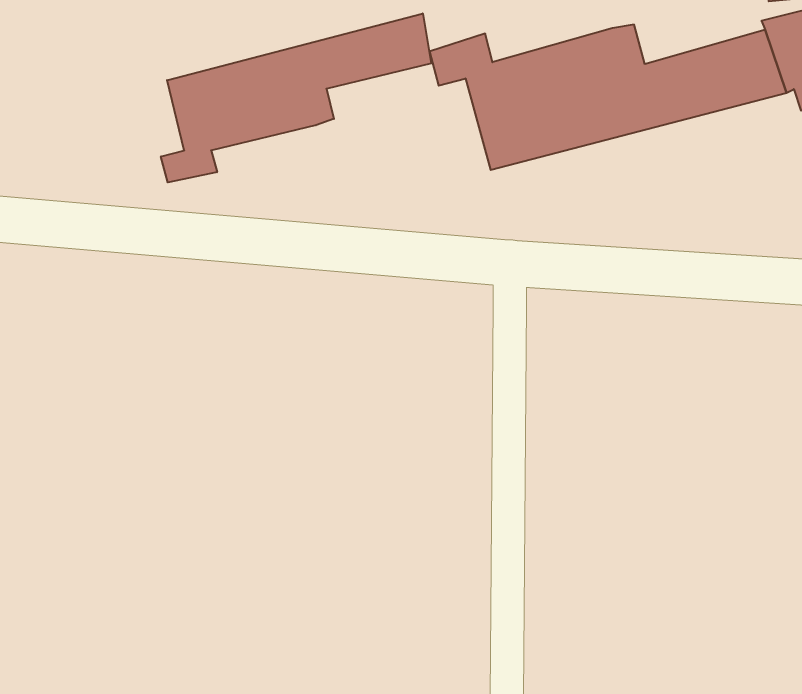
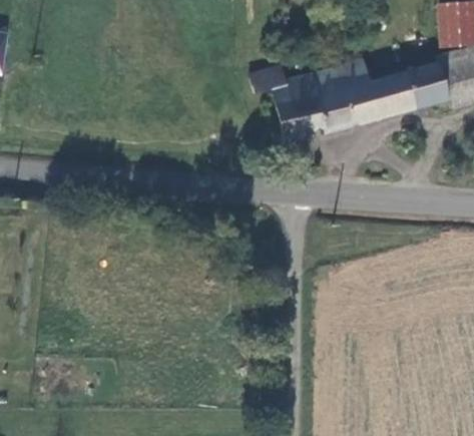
building: [161,13,431,182] -> none

